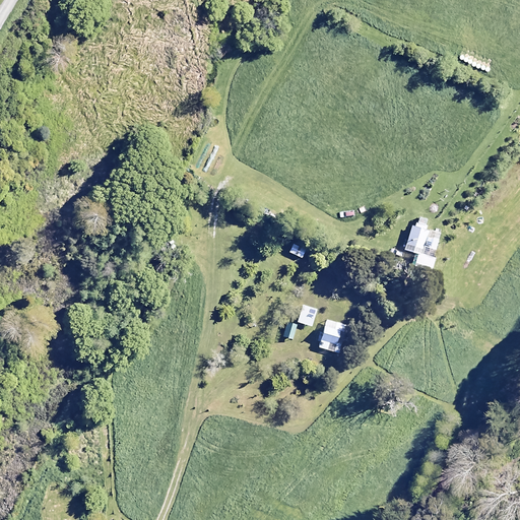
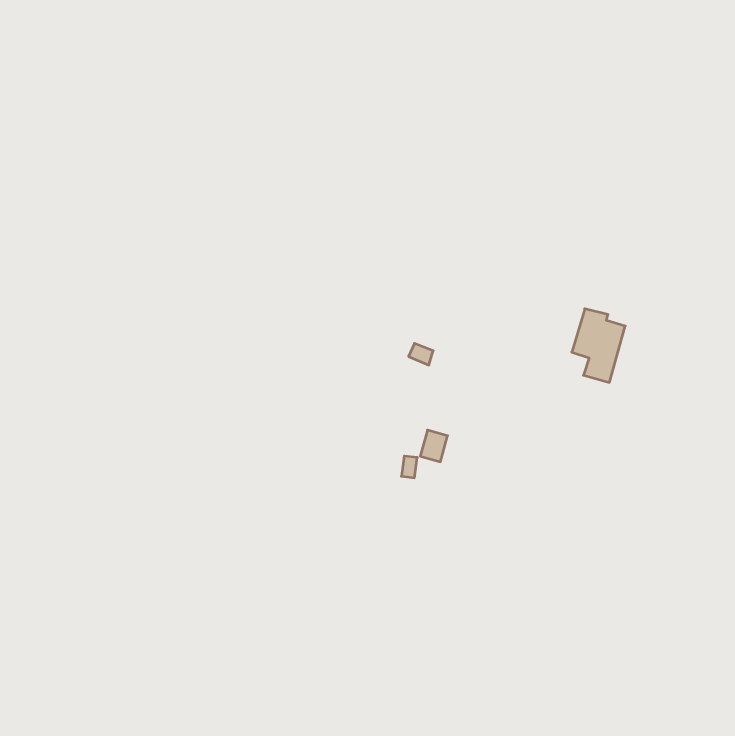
building: [319,324,344,351] -> none

